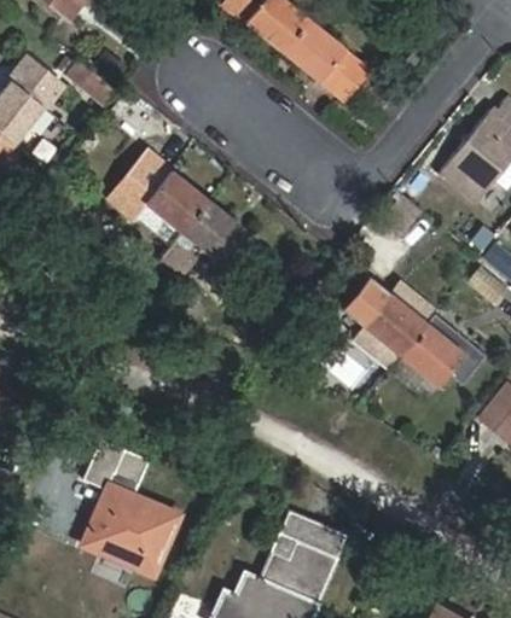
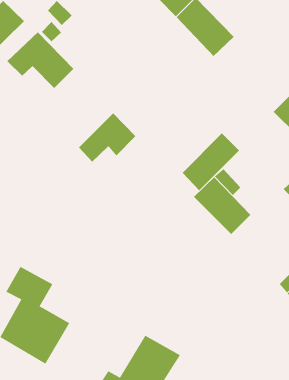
building: [109,153,208,233] -> [7,32,74,89]
building: none -> [182,132,240,191]
building: [400,323,461,385] -> none

